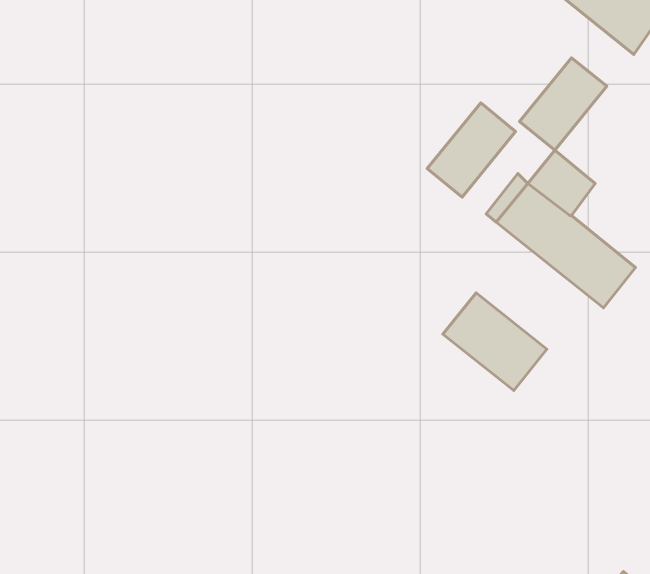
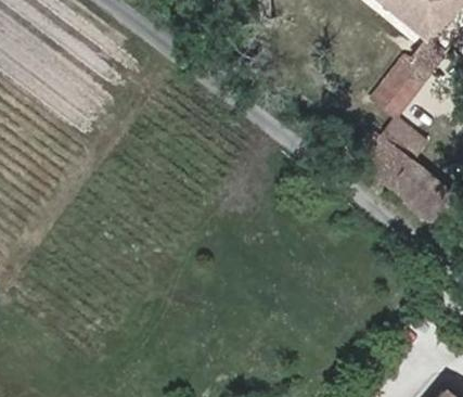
building: [427,103,515,197] -> none
building: [443,293,547,391] -> none

